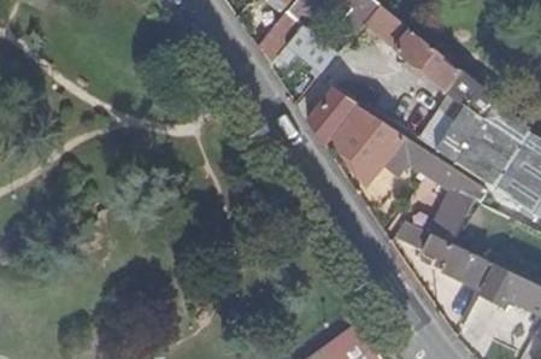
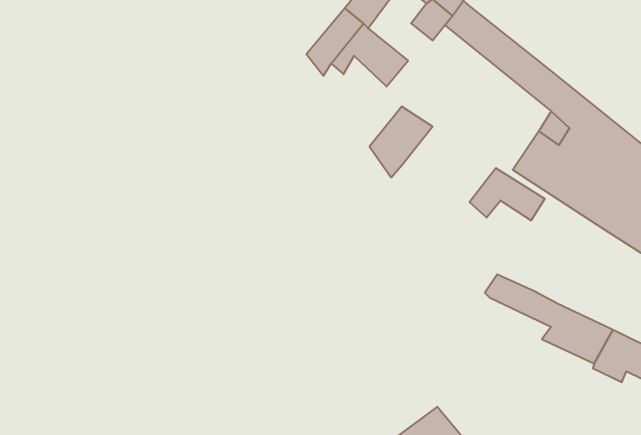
building: [330,105,404,186] -> none
building: [431,161,486,243] -> none

